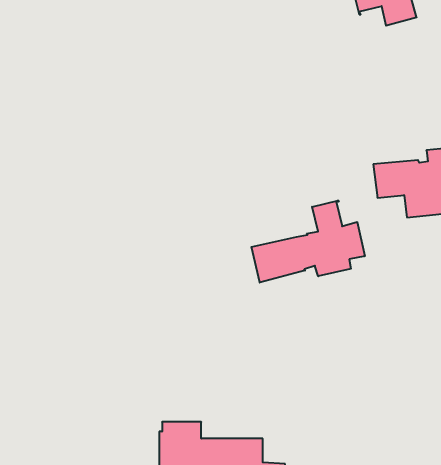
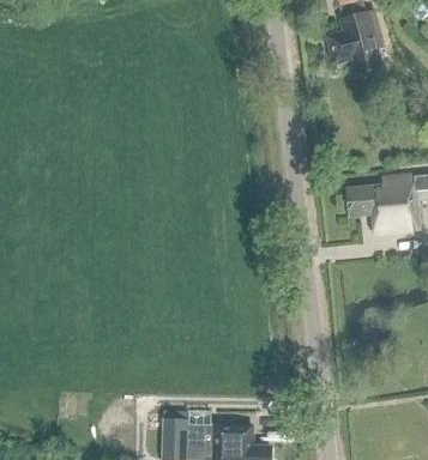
building: [251,200,365,283] -> none

